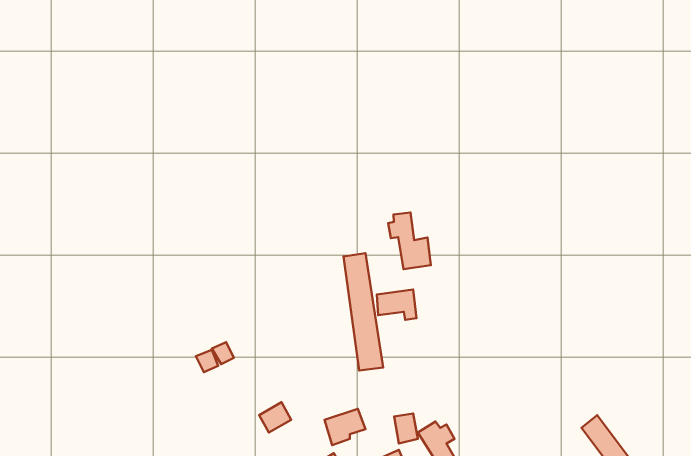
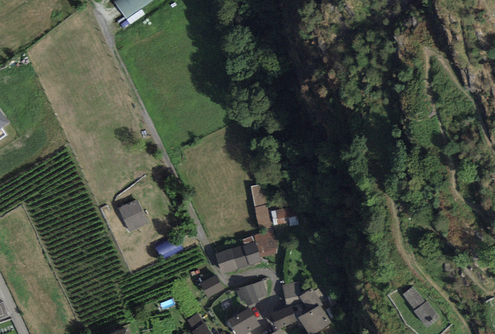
building: [388,212,431,269] -> none
building: none -> [118,202,144,231]
building: none -> [214,243,256,271]

